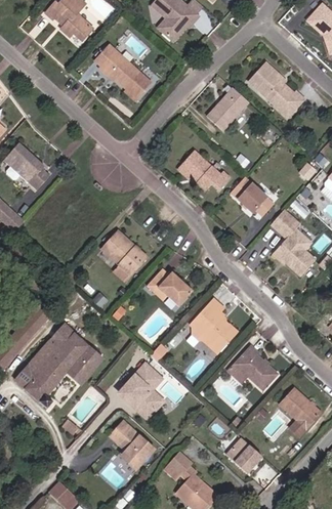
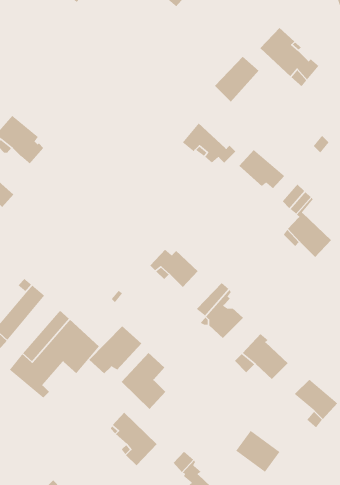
building: [93,44,150,98] -> none
building: [101,231,144,273] -> none
building: none -> [89,326,142,374]

